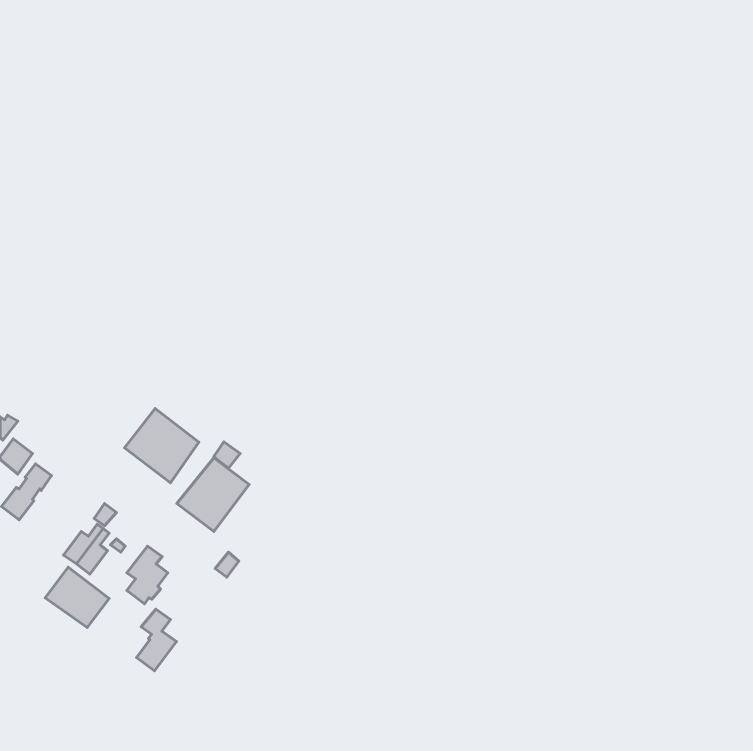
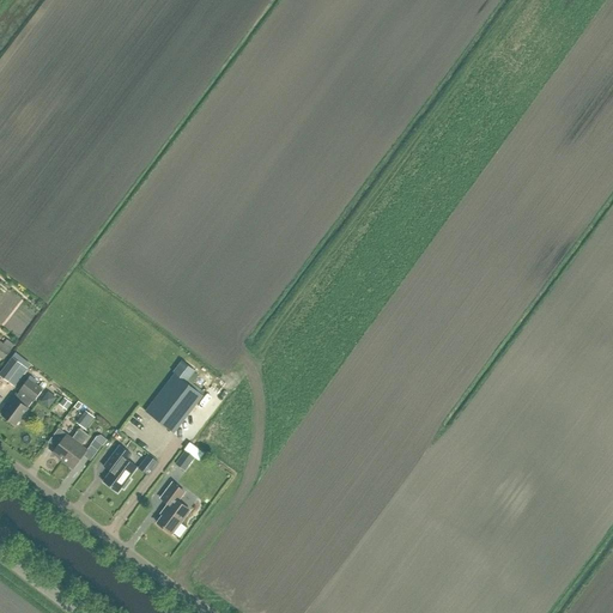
building: [125,409,199,483] -> none
building: [45,567,109,628] -> none
building: [137,609,176,671] -> [157,481,189,532]

